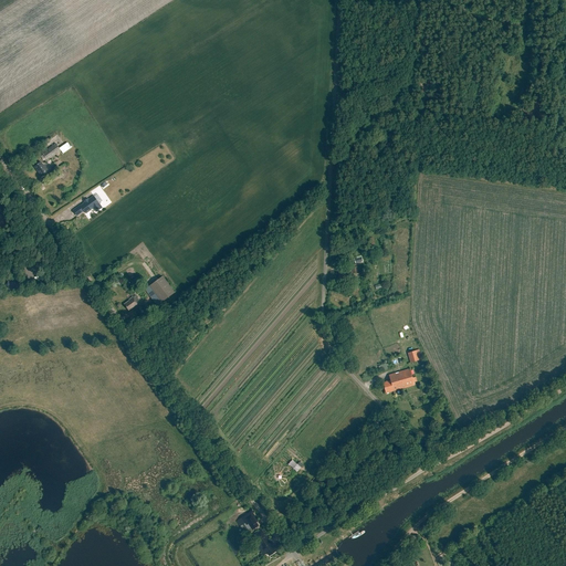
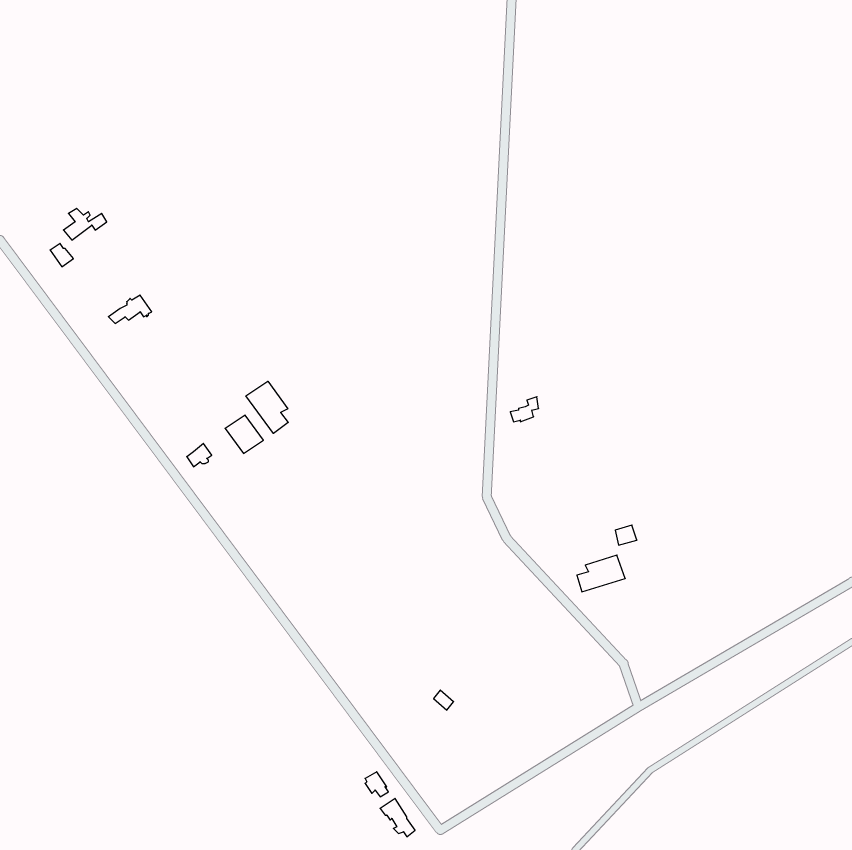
building: none -> [246,381,288,433]

